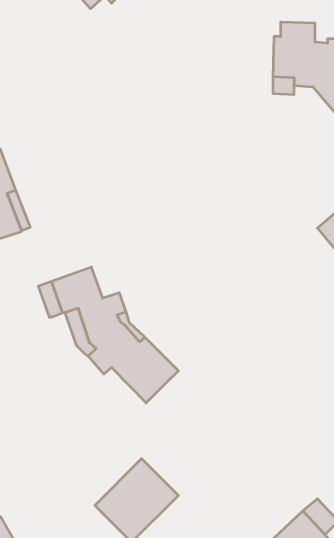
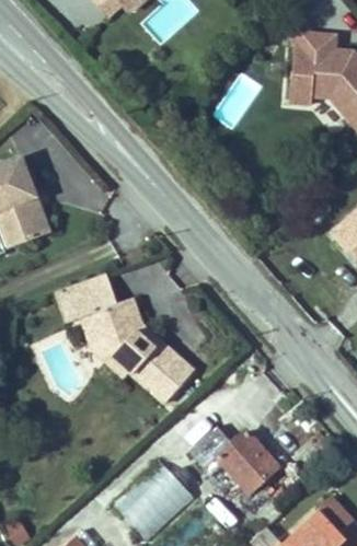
building: none -> [189,429,277,493]

